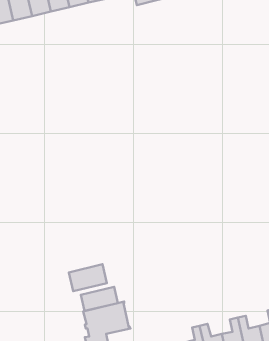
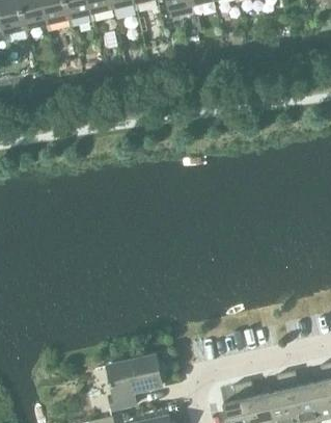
building: [69,264,107,291] -> none
building: [81,287,118,311] -> none

